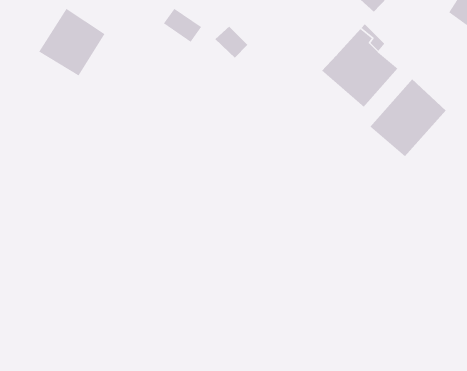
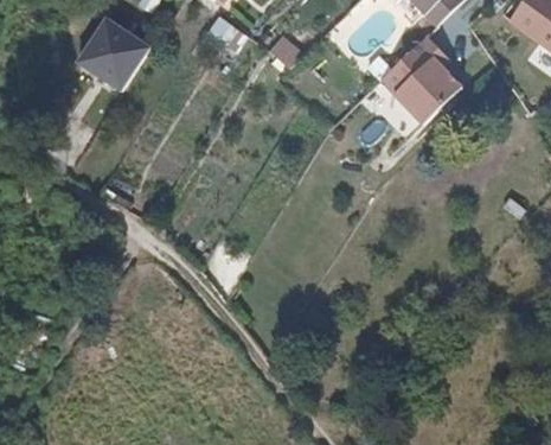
building: [369,79,446,157] -> none

